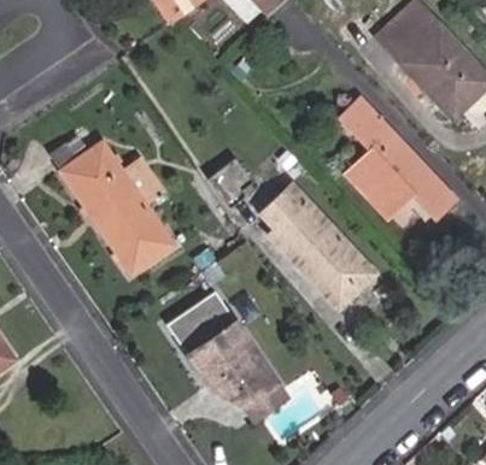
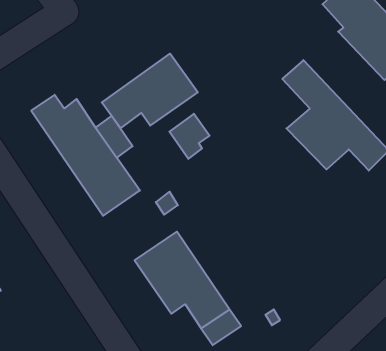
building: none -> [102,54,198,128]
building: [264,186,375,308] -> none

